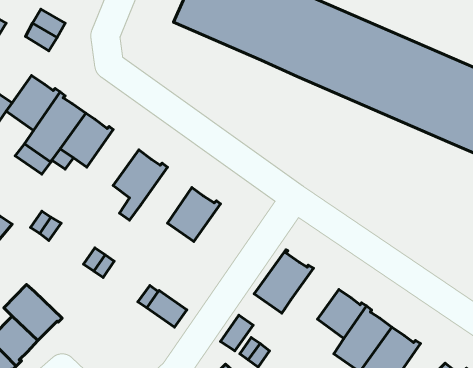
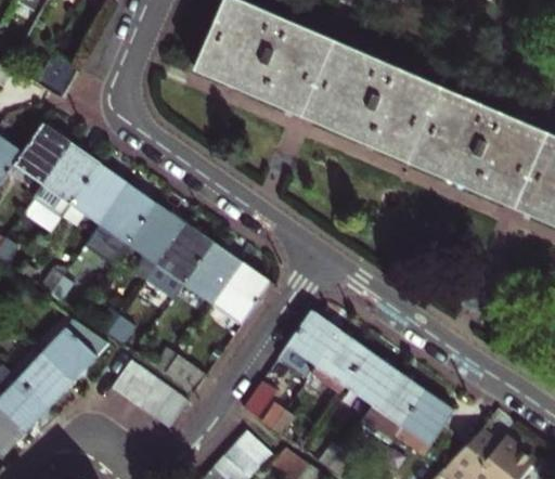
building: none -> [83,182,155,266]
building: none -> [157,222,211,282]
building: none -> [214,261,271,324]
building: none -> [44,322,108,383]
building: none -> [310,329,367,393]
building: none -> [111,359,188,428]

